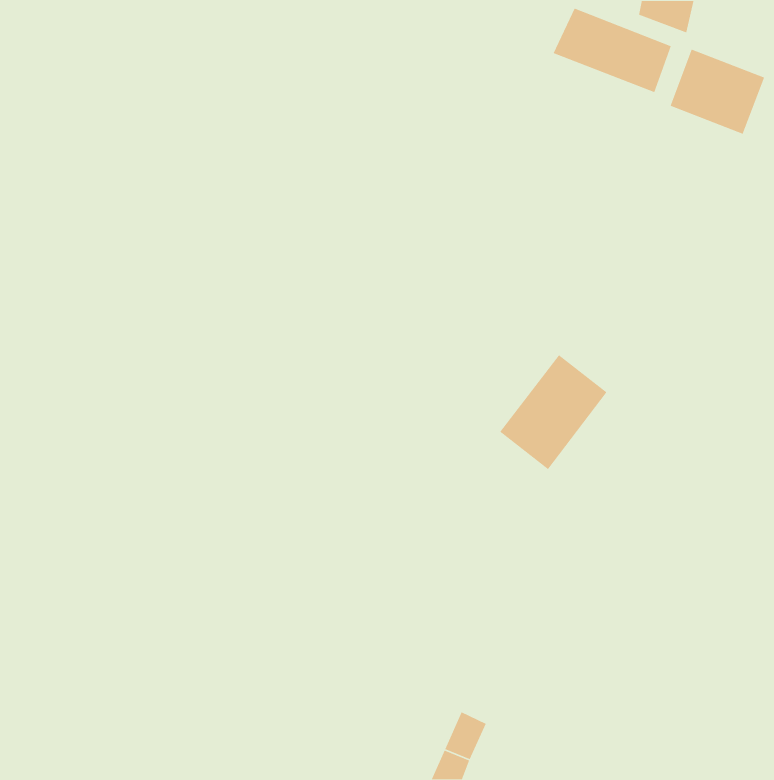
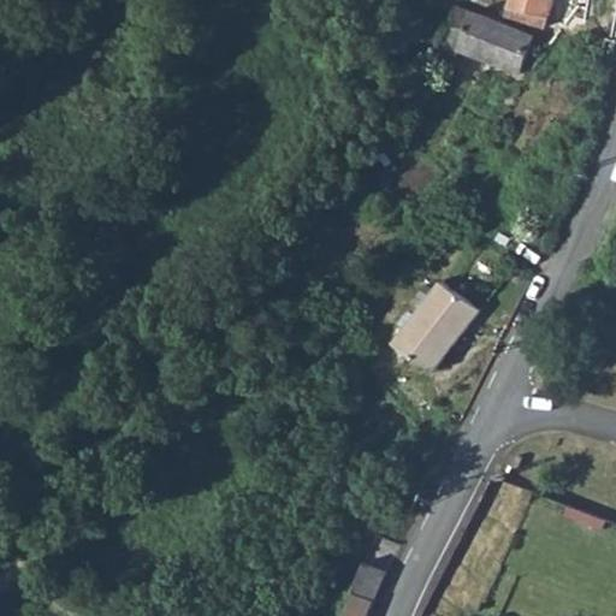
building: [669,49,765,135] -> none

